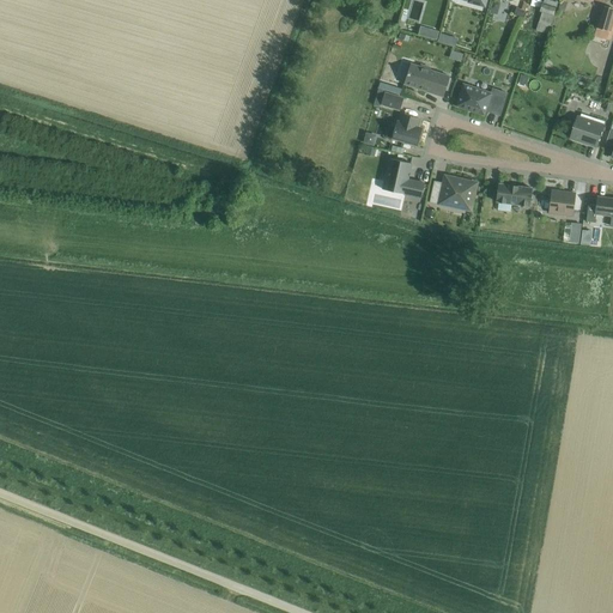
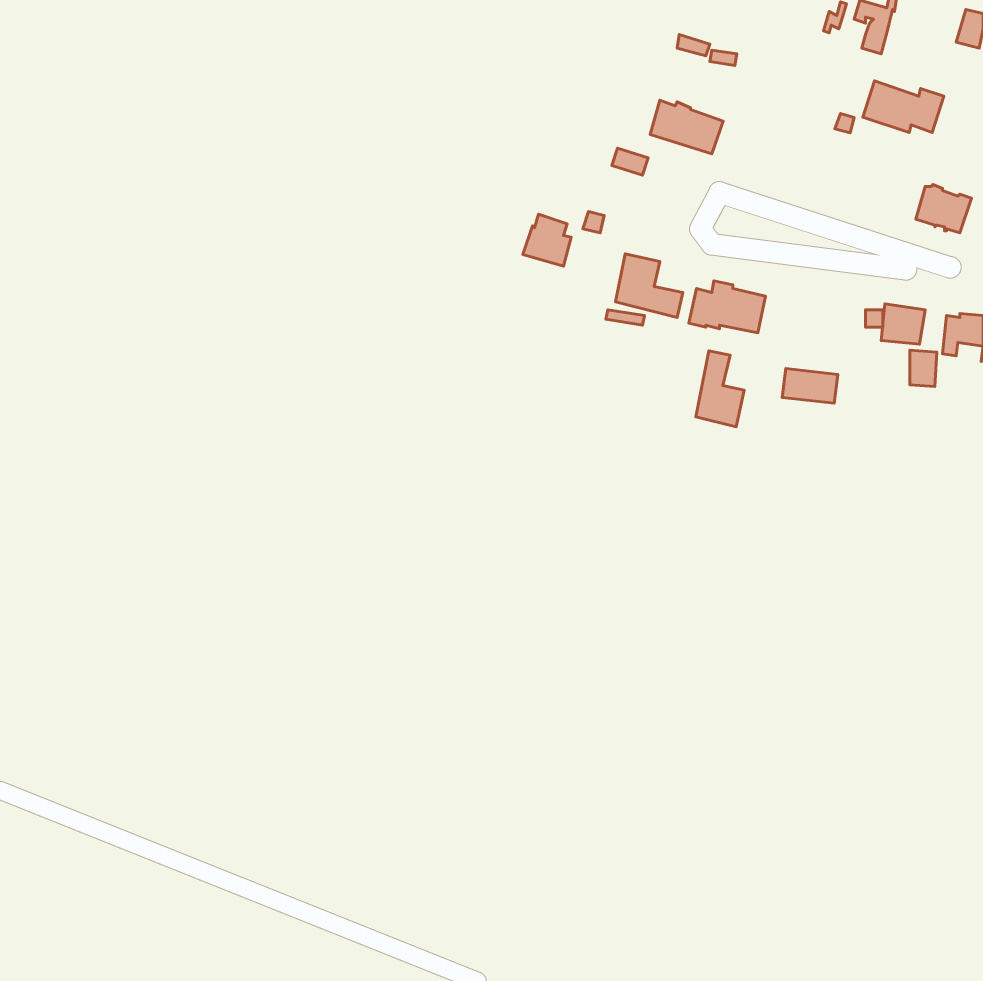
building: [456,83,506,115] -> [863,81,944,133]
building: [392,113,421,145] -> [523,214,571,266]
building: [497,183,532,205] -> [782,369,838,403]
building: none -> [696,351,744,427]

